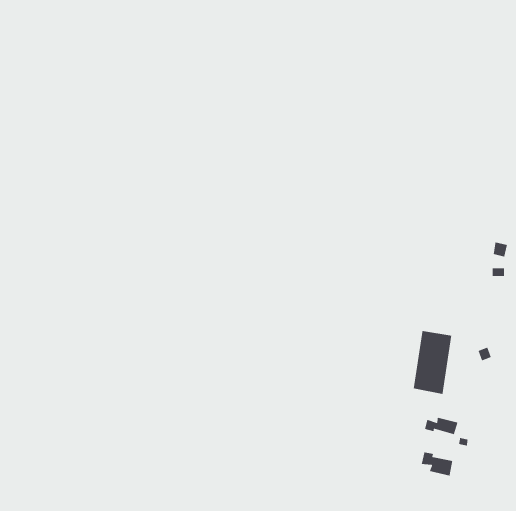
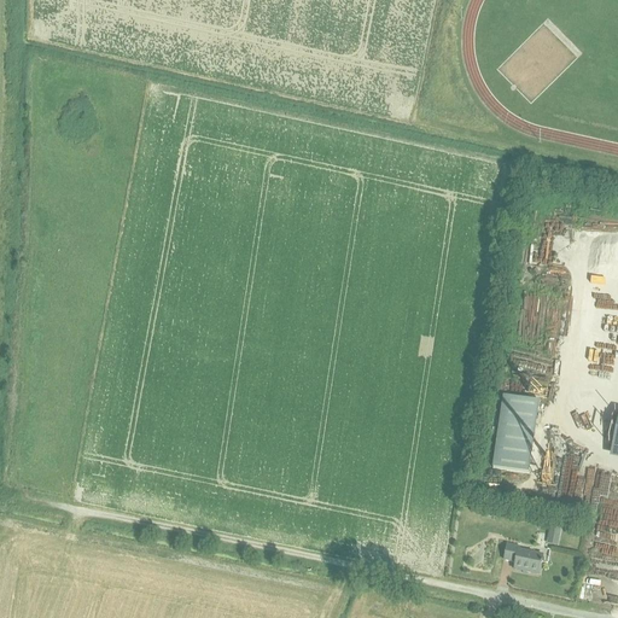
building: [424,417,458,435] -> none

